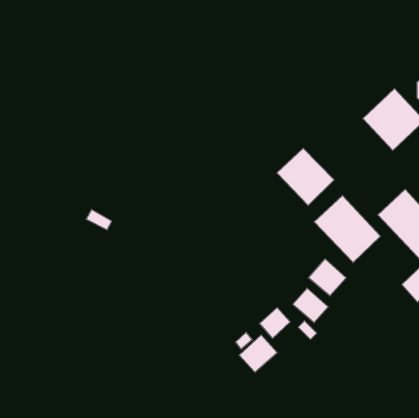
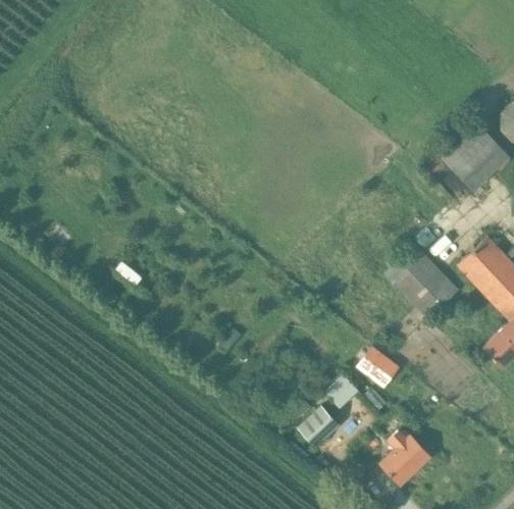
building: [277,148,334,205] -> none
building: [309,259,346,296] -> none
building: none -> [380,429,430,485]

